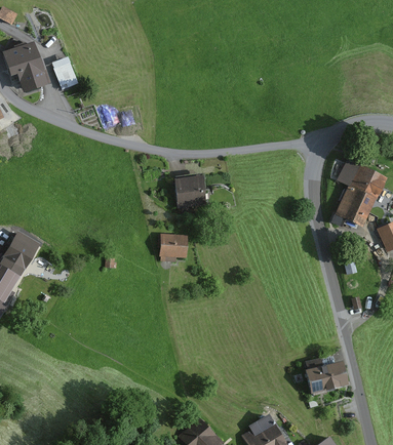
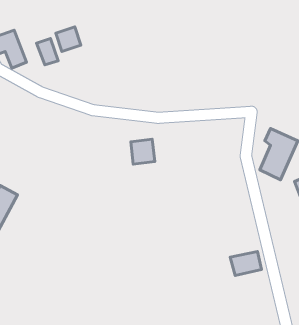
building: none -> [56,27,81,51]
building: [158,236,184,258] -> none
building: [314,363,353,393] -> [230,251,261,275]

